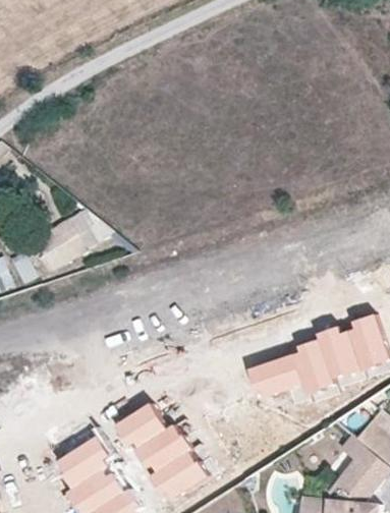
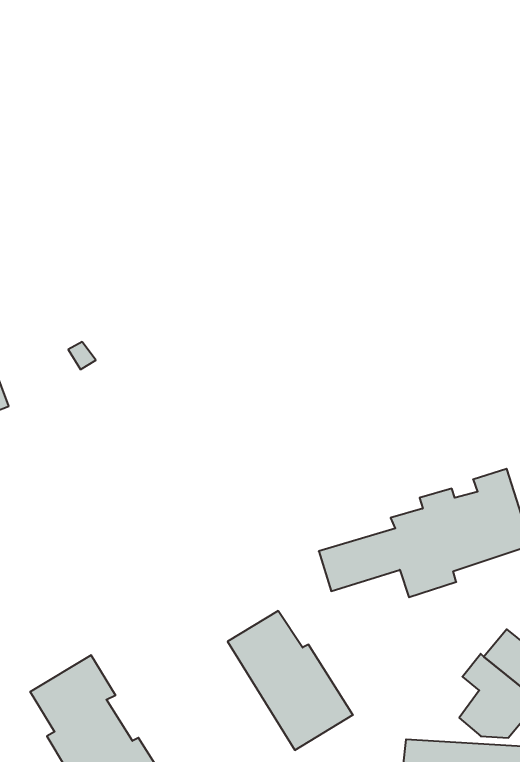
building: [117,405,201,498] -> [228,611,353,750]

